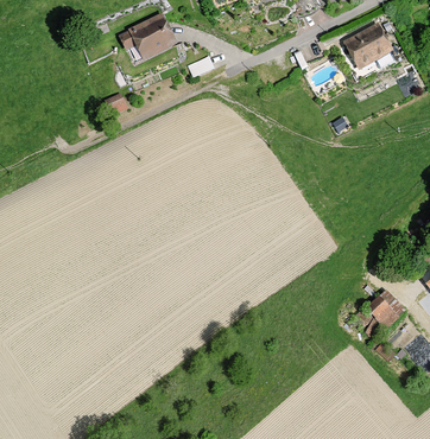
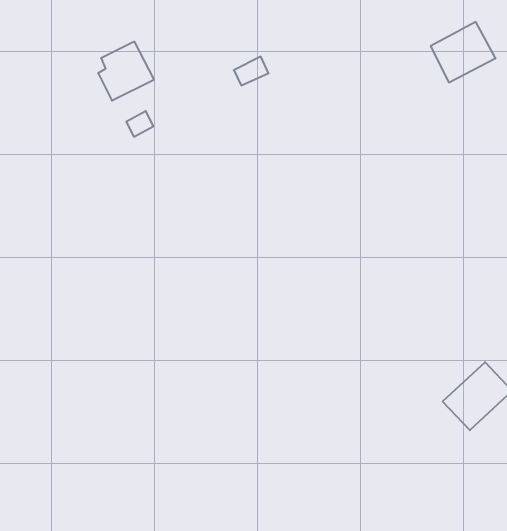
building: [131,13,175,59] -> [98,42,154,101]

